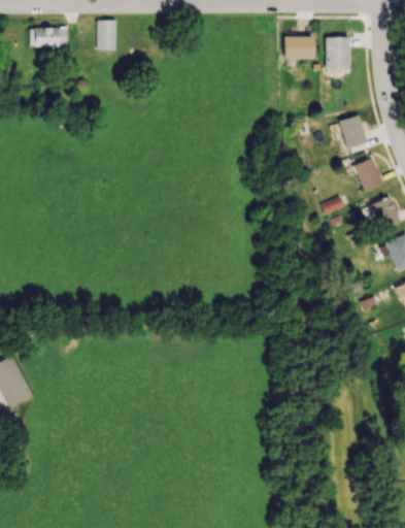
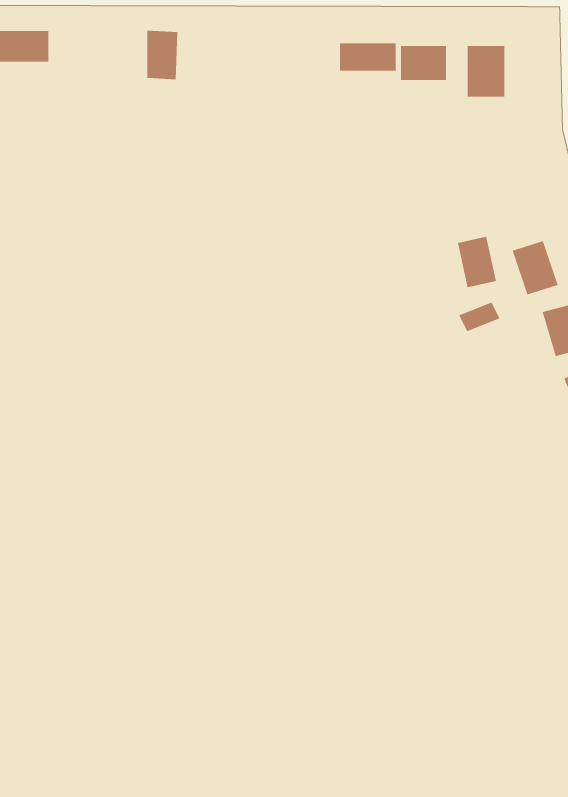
building: [97,20,116,51] -> [147,30,178,80]
building: none -> [340,43,396,71]
building: [340,116,365,147] -> [457,236,497,288]

